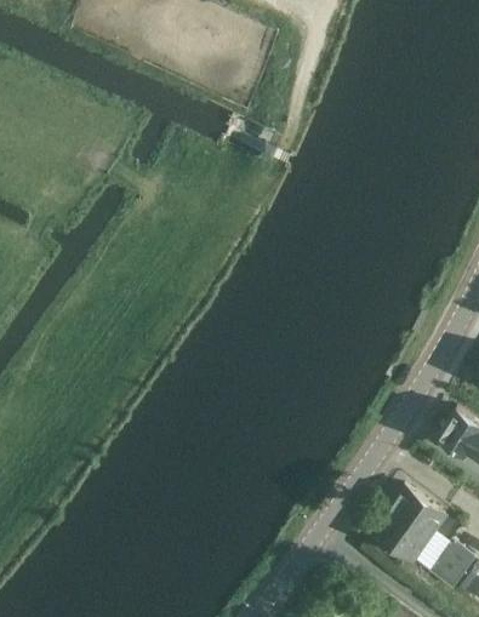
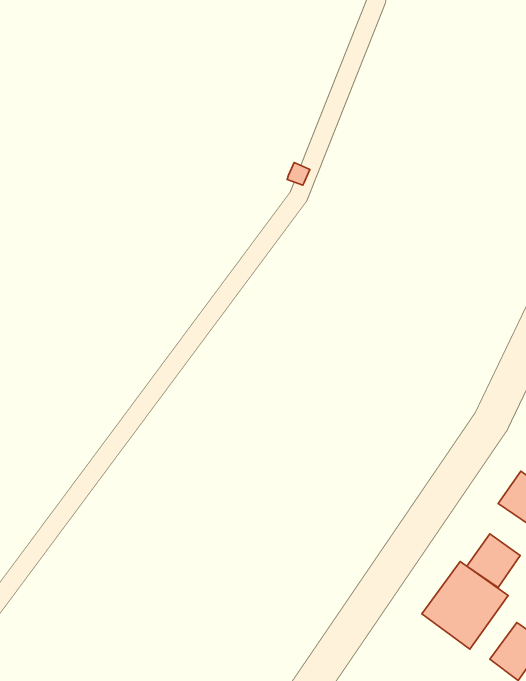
building: none -> [467,534,520,587]

